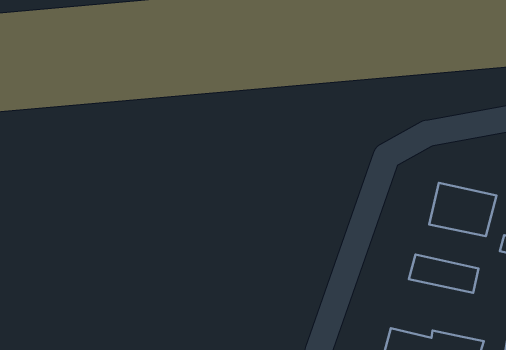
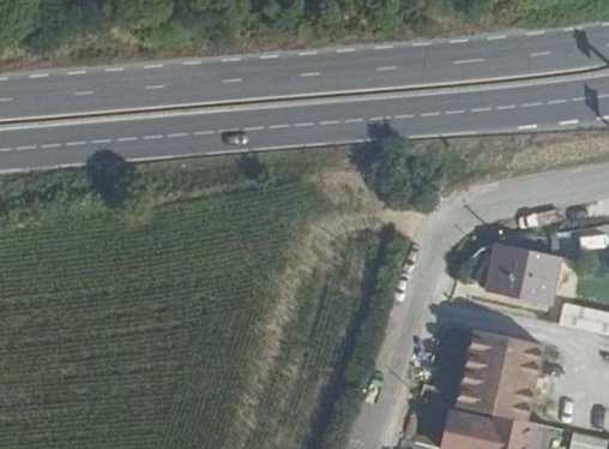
building: none -> [452,360,535,425]

